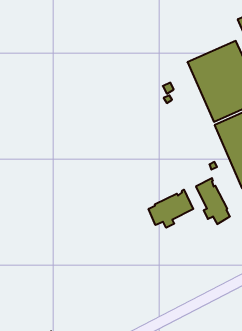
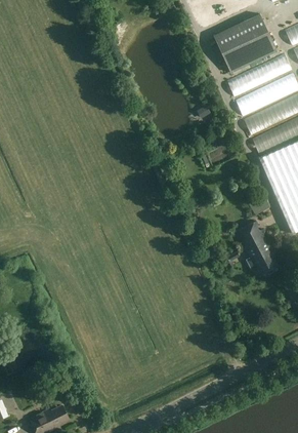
building: none -> [213,13,276,73]
building: [149,190,193,228] -> none

